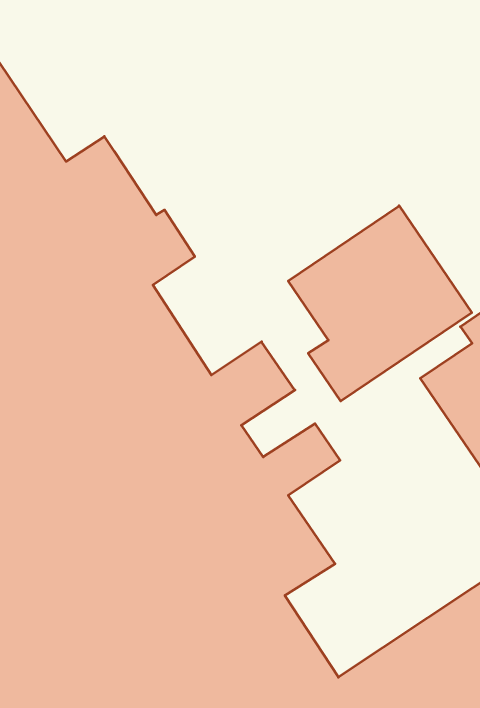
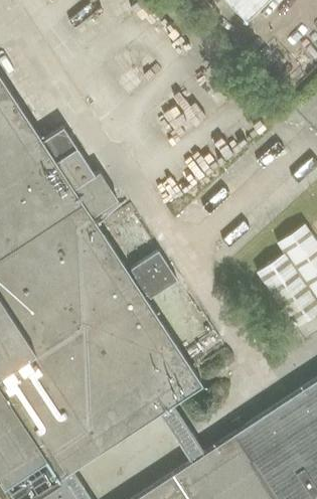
building: [288,206,472,401] -> none

